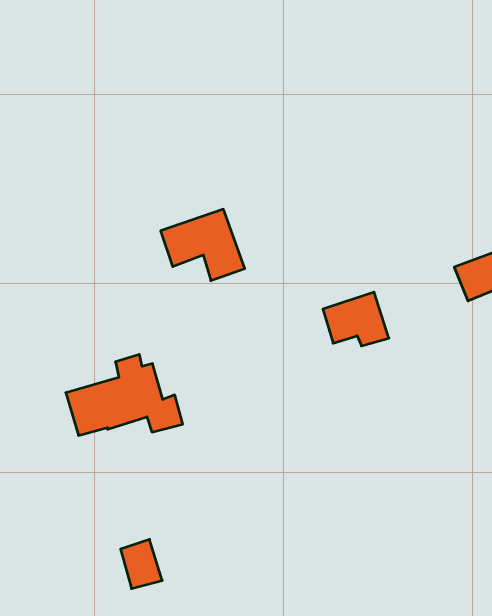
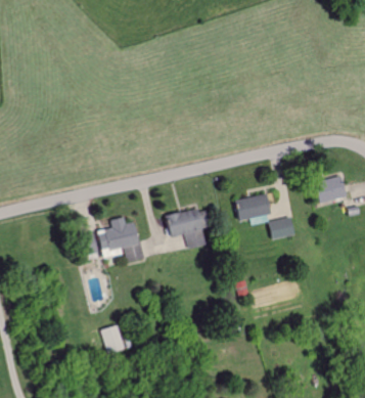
building: [161,209,245,281] -> [164,207,211,248]
building: none -> [270,216,295,238]

